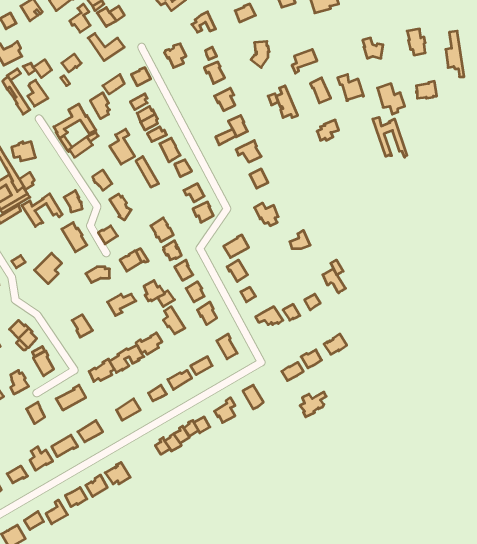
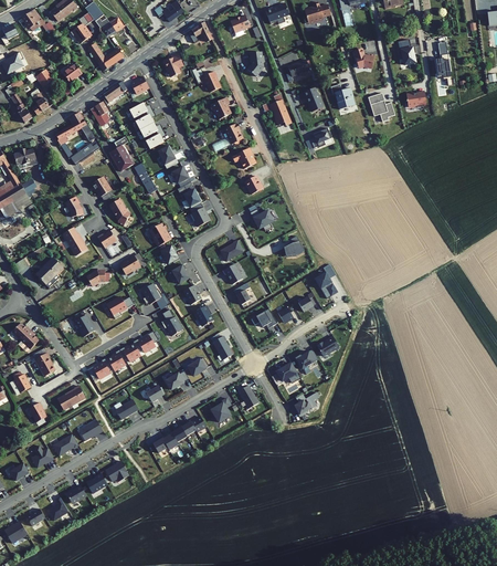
building: [373,117,407,157] -> none
building: [22,194,62,227] -> none

